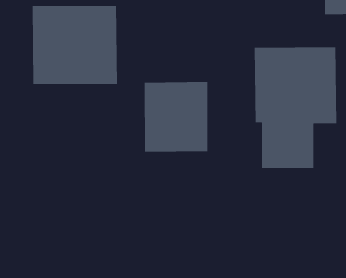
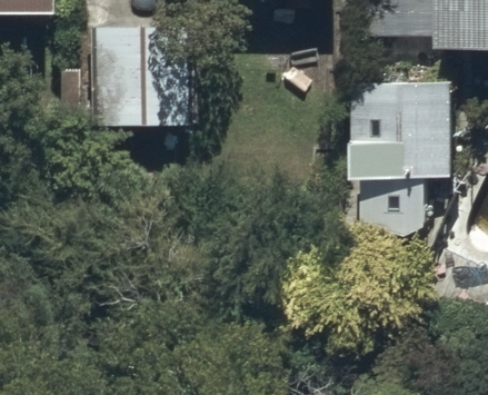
building: [144,81,208,153] -> none

